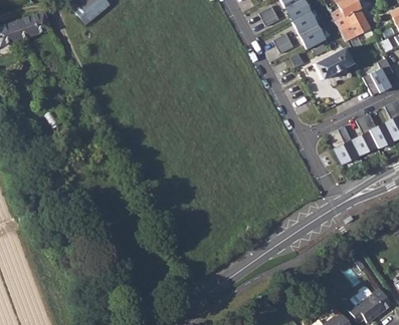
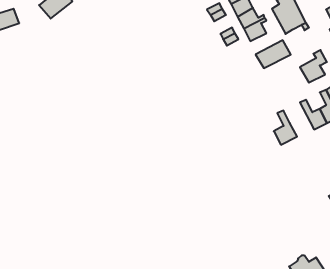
building: [352,116,378,154] -> none

